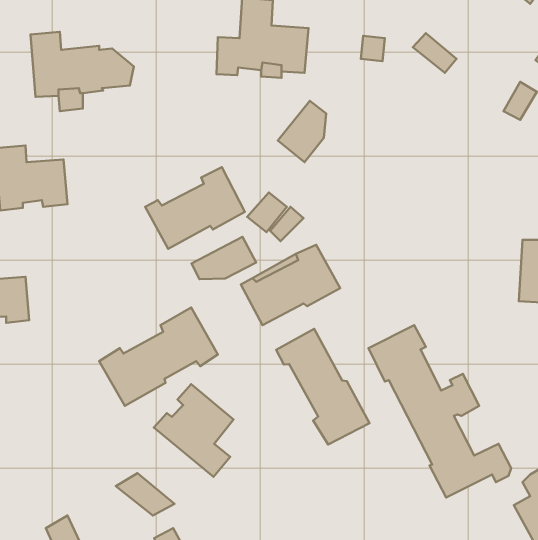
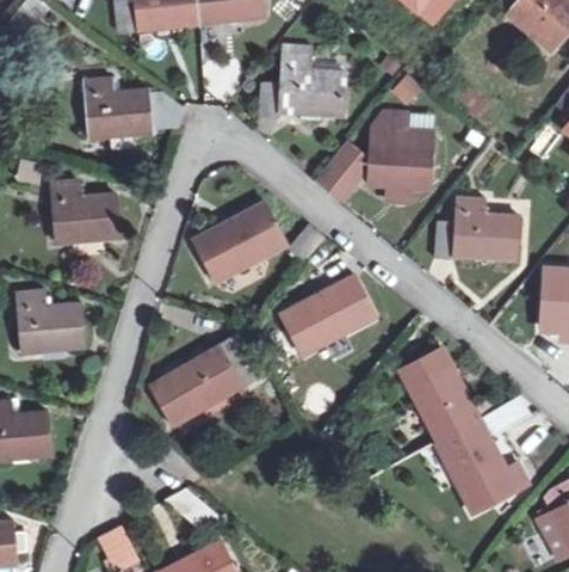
building: none -> [367,111,437,198]
building: none -> [434,196,520,259]
building: [192,237,256,279] -> none
building: [276,329,370,445] -> none
building: [154,384,234,477] -> none

